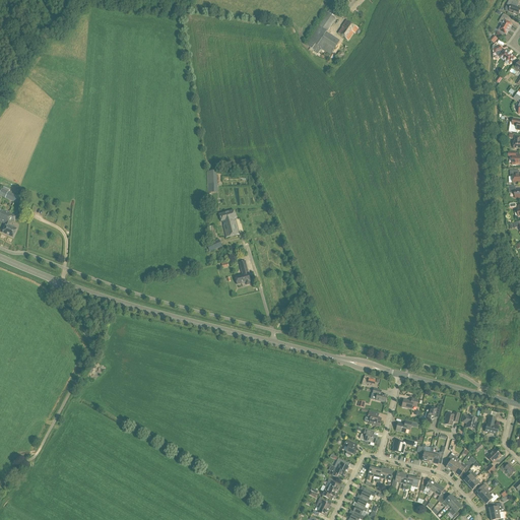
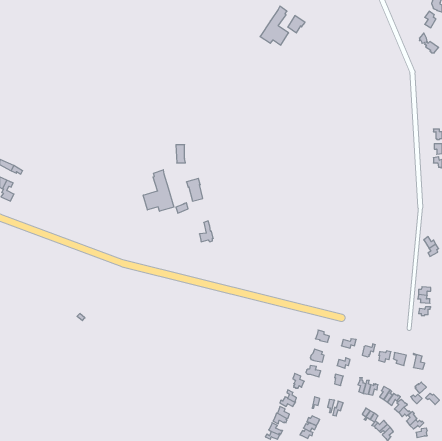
building: none -> [143,170,174,211]

